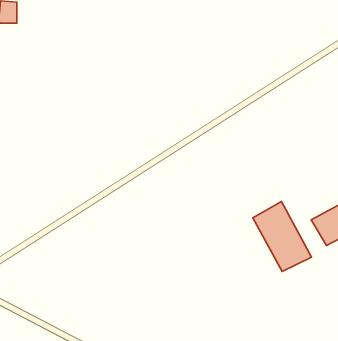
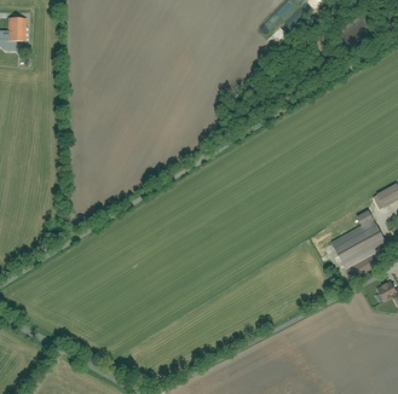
building: [253,202,312,271] -> none

